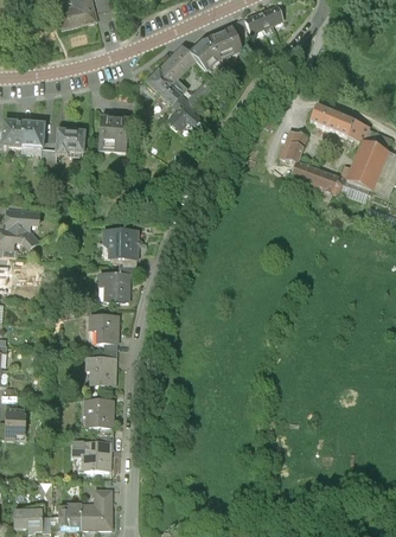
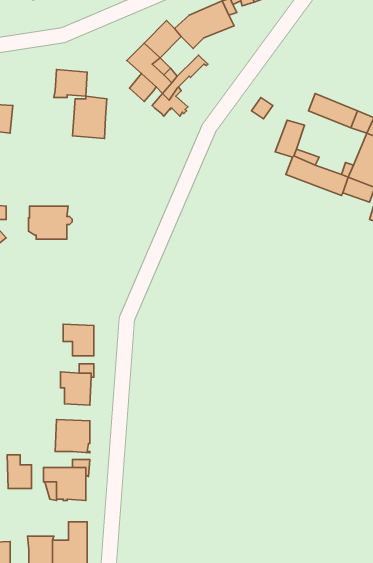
building: [55,126,84,151] -> [54,70,87,97]
building: [102,230,141,260] -> [28,206,72,239]
building: [98,273,128,302] -> none
building: none -> [7,455,31,488]

